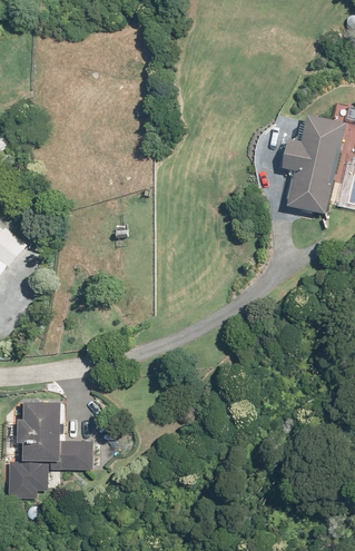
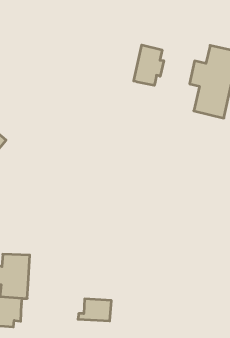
building: none -> [134,45,164,85]
building: [49,440,95,470] -> [78,299,111,321]

